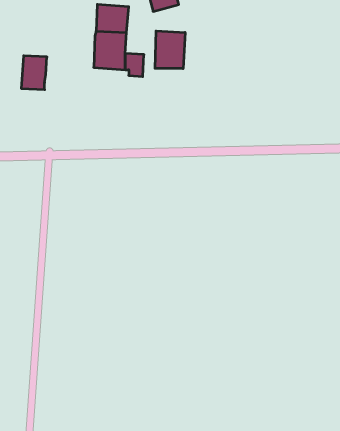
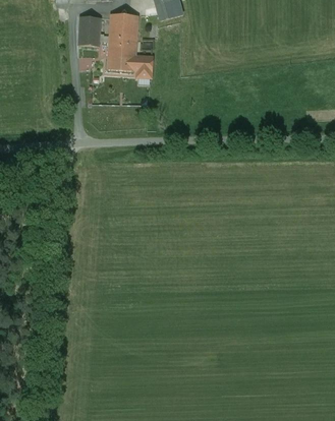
building: [155,31,185,69] -> none
building: [21,56,47,90] -> [78,16,101,46]

